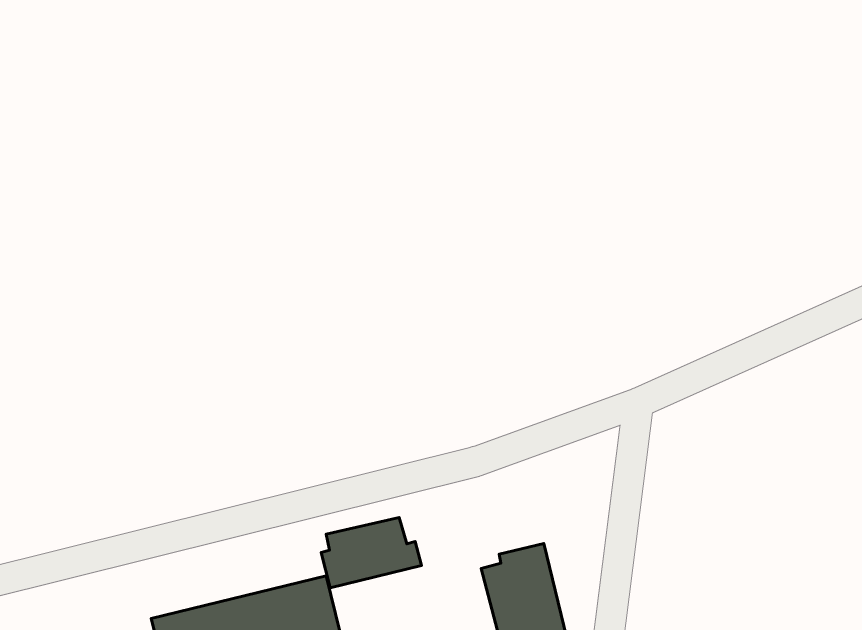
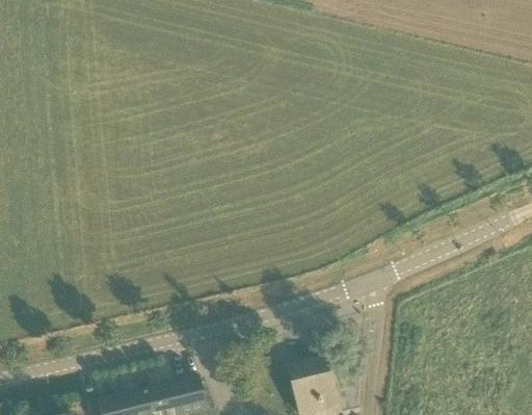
building: [321,517,421,588] -> none

